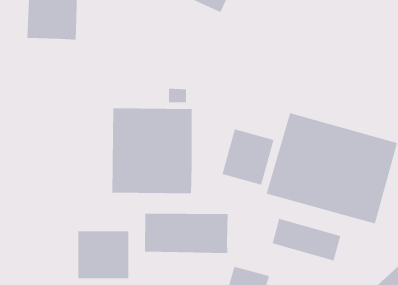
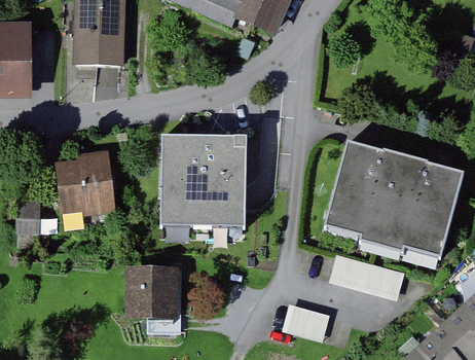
building: none -> [53,150,114,215]
building: [222,129,274,185] -> none
building: [144,213,228,254] -> none

